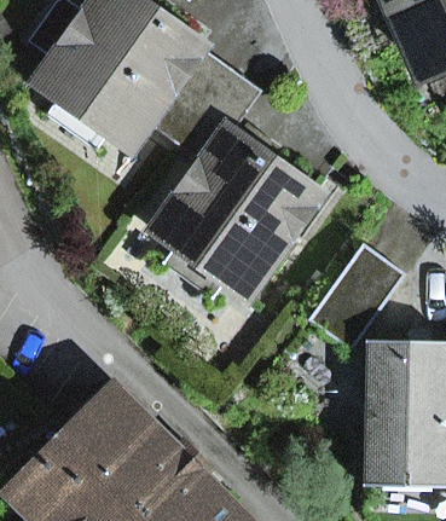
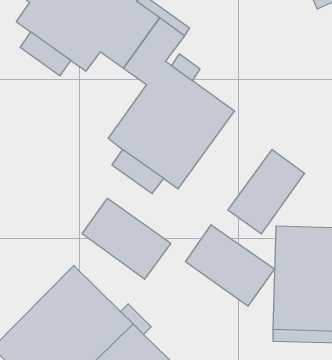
building: none -> [82,198,171,279]
building: none -> [185,225,275,306]

